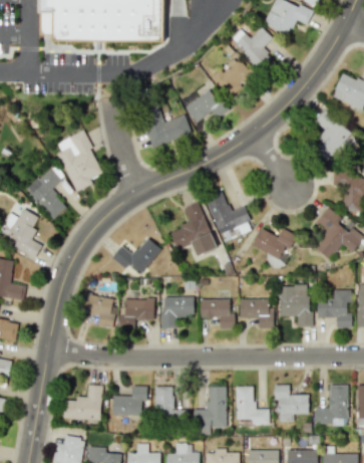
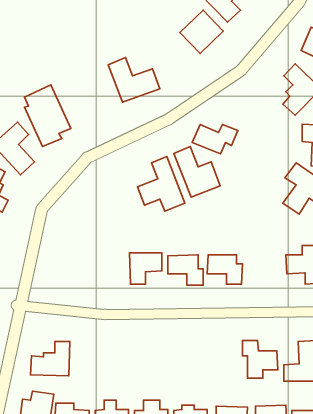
building: [184,85,229,124] -> none
building: [252,229,297,258] -> [192,124,238,154]
building: [110,237,161,275] -> none
building: [279,285,311,327] -> none
building: [81,291,115,325] -> none
building: [120,298,154,328] -> none
building: [112,386,147,416] -> none
building: [154,387,188,419] -> none
building: [194,387,227,434] -> none
building: [236,387,269,425] -> none

